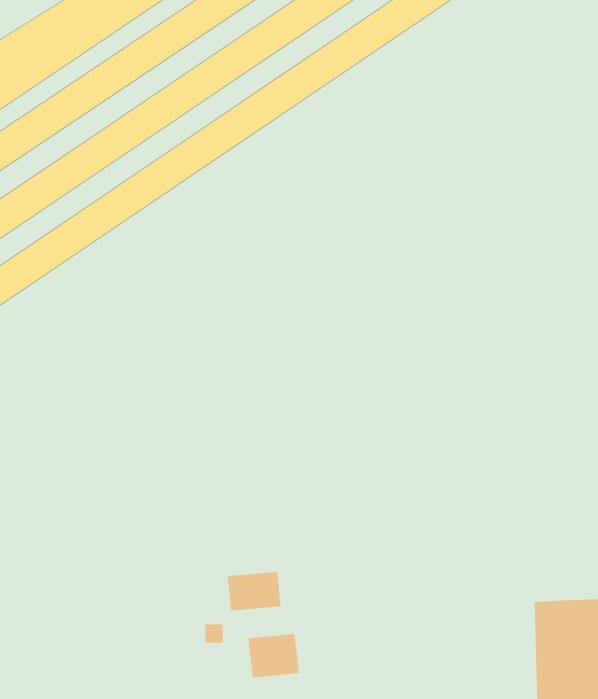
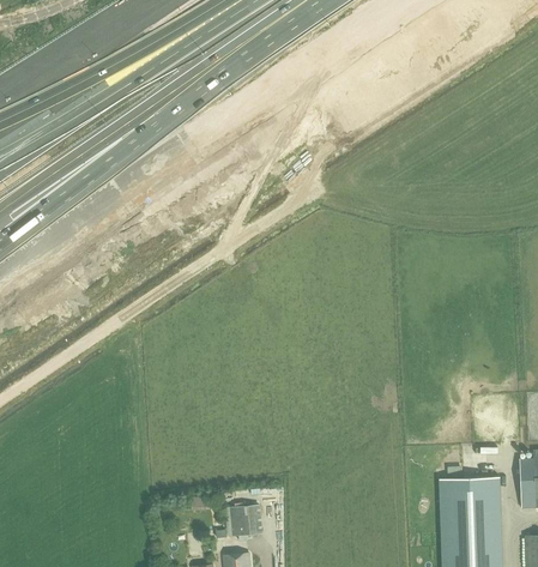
building: [227,571,281,611] -> none

